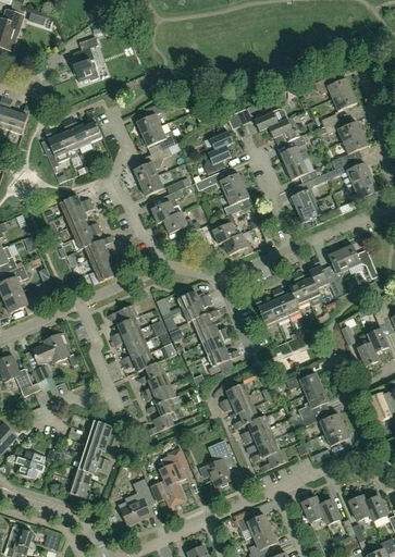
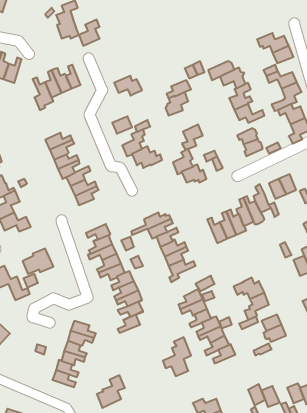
building: [136,103,161,135] -> [79,20,100,46]
building: [134,147,171,183] -> none
building: [194,173,243,194] -> none
building: [150,448,185,507] -> none
building: [15,450,45,479] -> none

